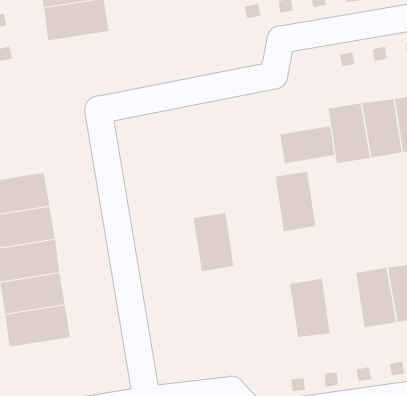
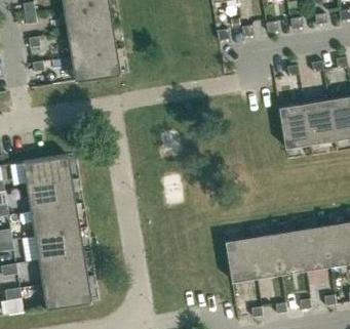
building: none -> [71,49,121,81]
building: [280,125,335,164] -> none
building: [275,171,316,232] -> [275,229,306,274]
building: [193,212,234,272] -> [226,237,257,281]
building: none -> [42,277,92,310]

